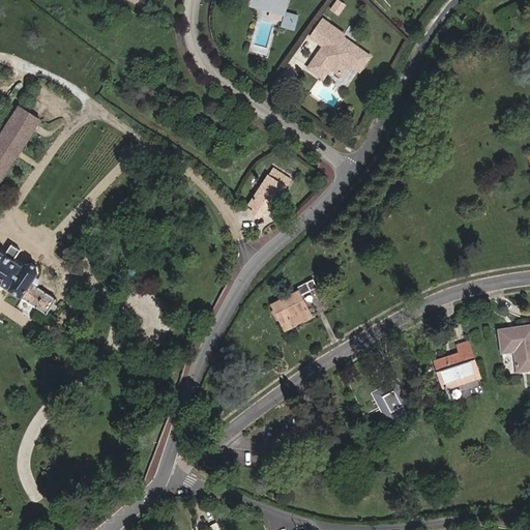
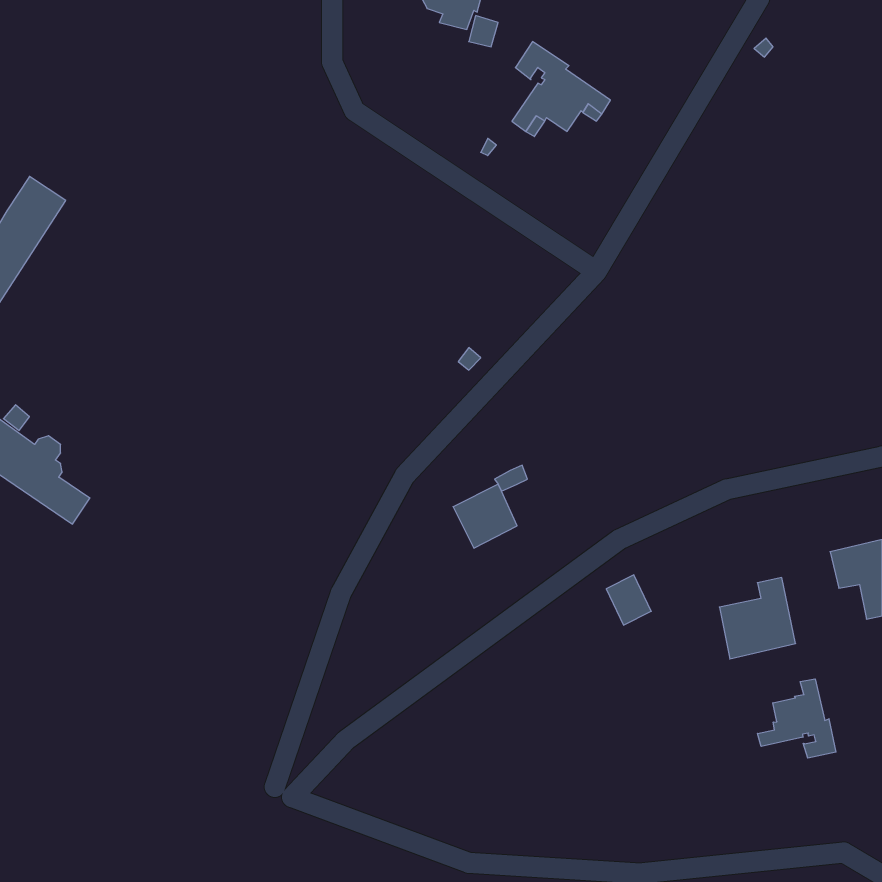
building: [247,167,291,214] -> none
building: [375,385,402,415] -> [606,575,651,625]
building: none -> [758,679,836,758]

